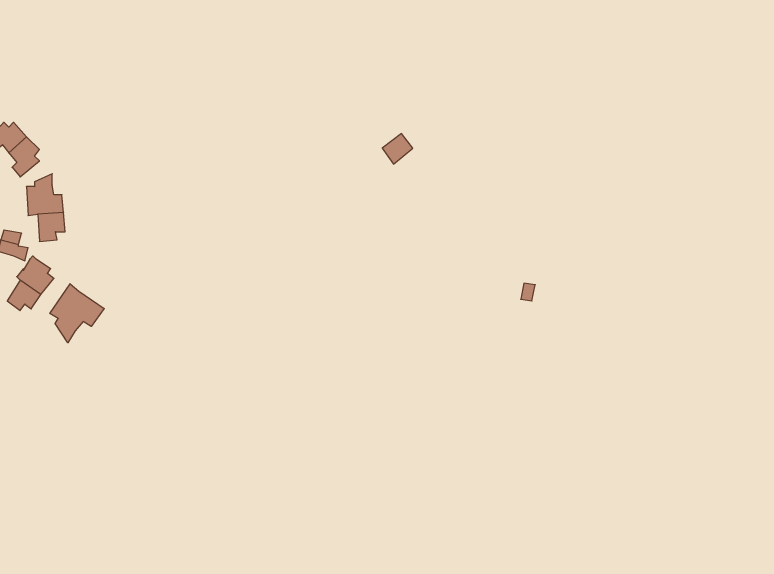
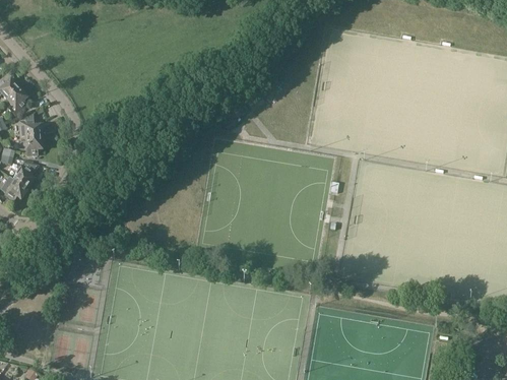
building: [50,284,104,343] -> none

